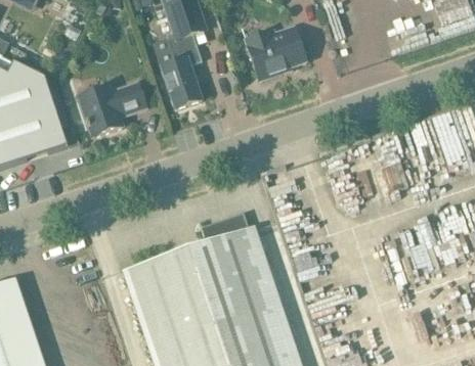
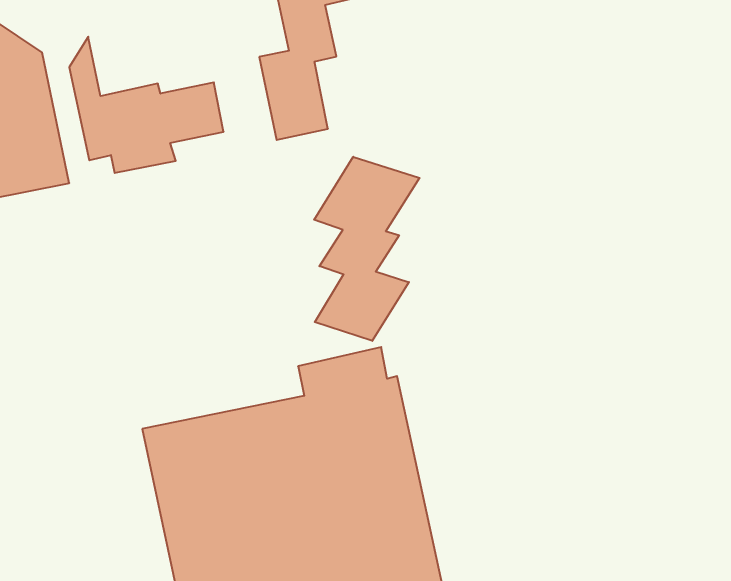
building: [246,30,306,81] -> none
building: none -> [314,157,420,341]

